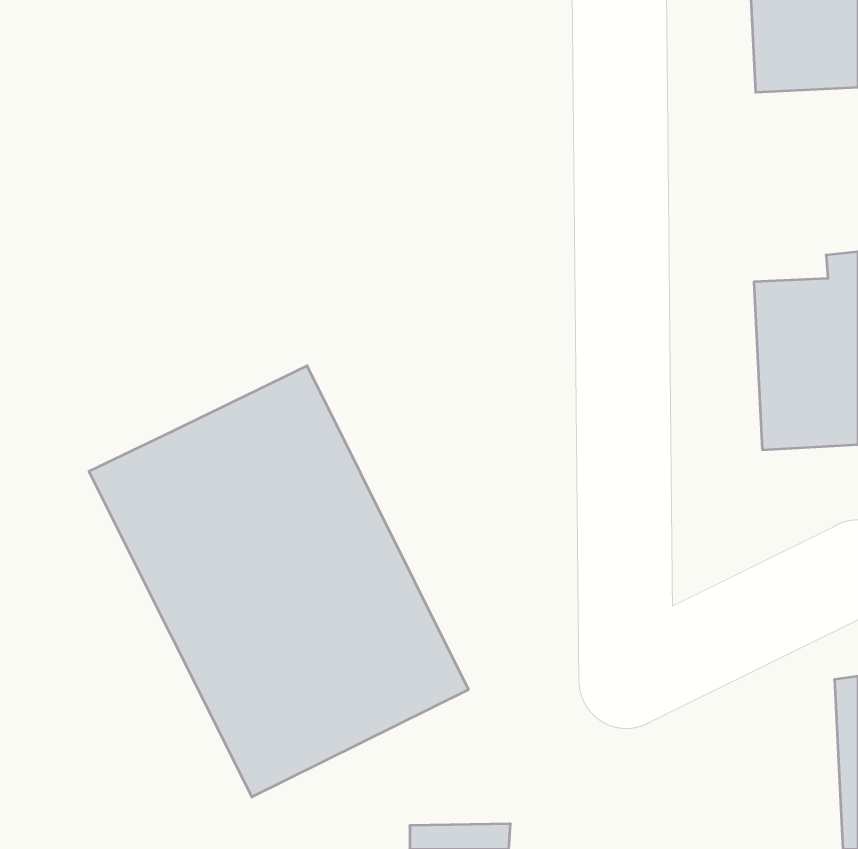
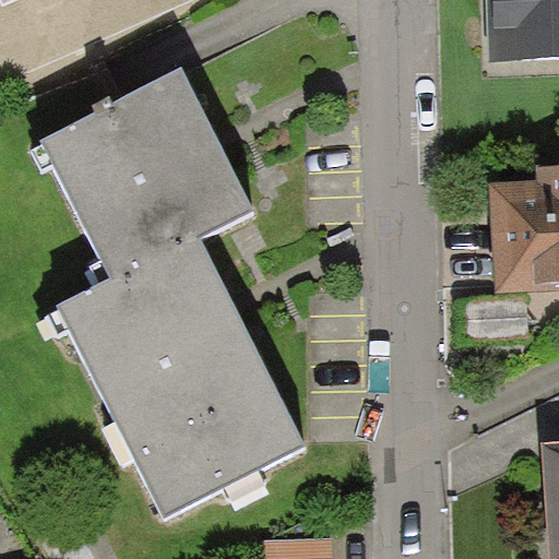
building: none -> [43,72,253,281]

